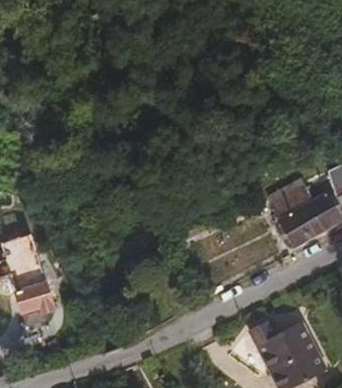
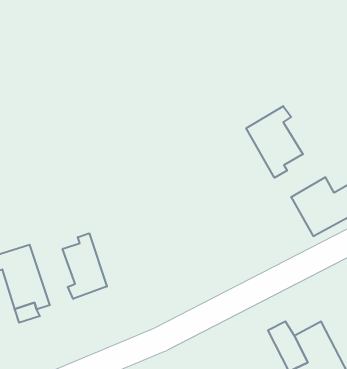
building: none -> [246,106,303,178]
building: none -> [63,233,107,299]

